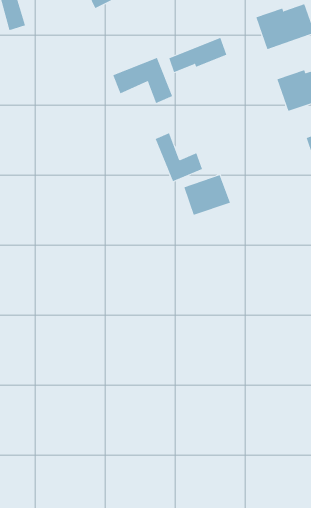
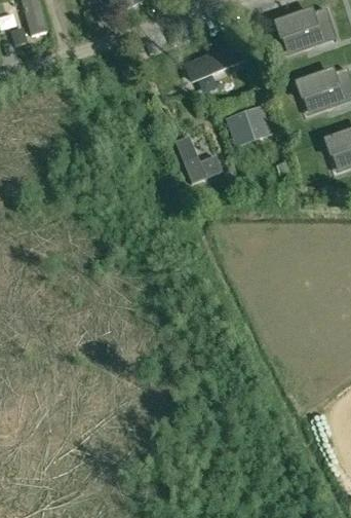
building: [113,57,173,104] -> none
building: [184,175,231,216] -> [228,103,274,143]

